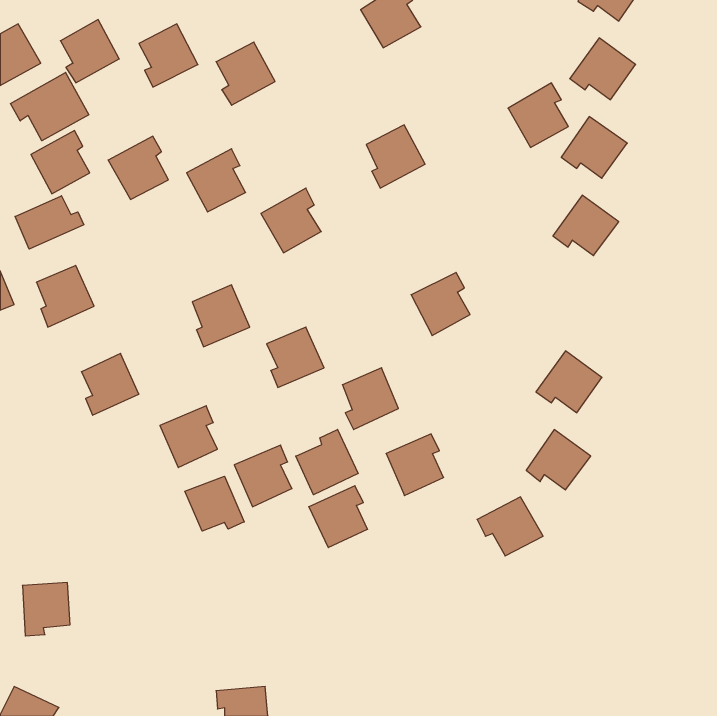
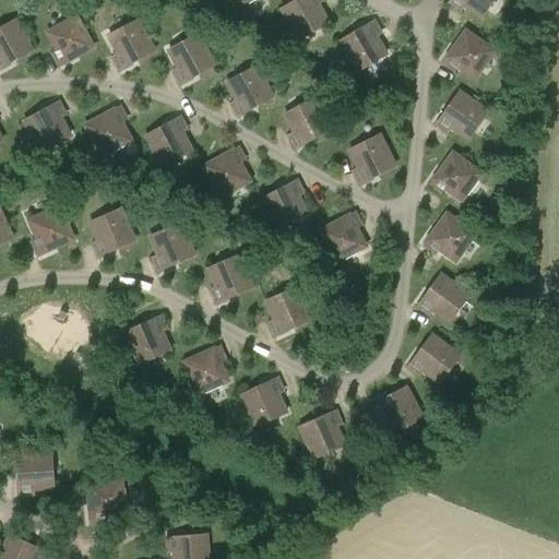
building: [10,72,89,141] -> none
building: [508,83,568,147] -> [338,20,385,70]
building: none -> [226,66,272,115]
building: none -> [349,133,394,182]
building: [15,196,84,249] -> none
building: none -> [262,180,308,228]
building: none -> [424,213,475,260]
building: [81,353,139,415] -> [90,207,134,255]
building: [296,429,358,495] -> none
building: [386,434,444,496] -> [299,411,344,459]
building: [185,476,244,531] -> none
building: none -> [87,480,126,523]

